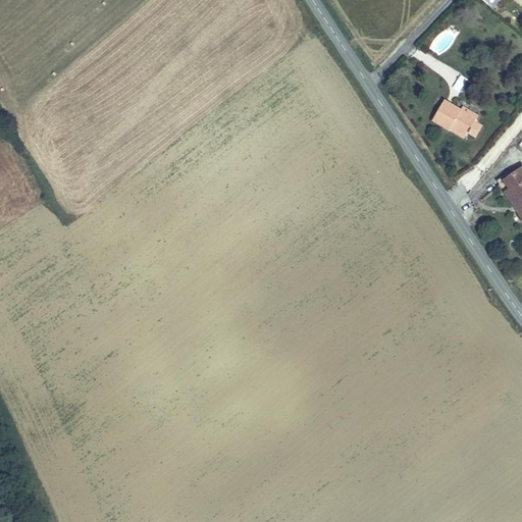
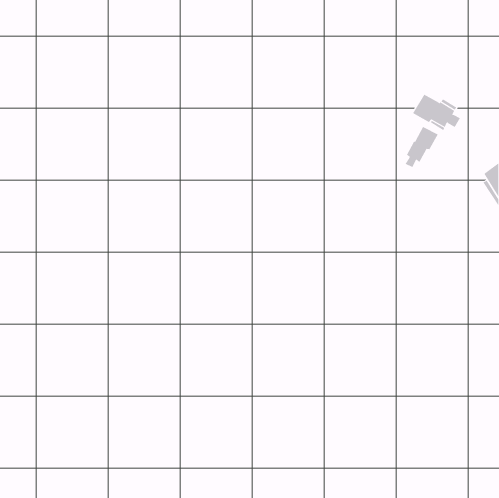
building: none -> [405,126,438,168]

